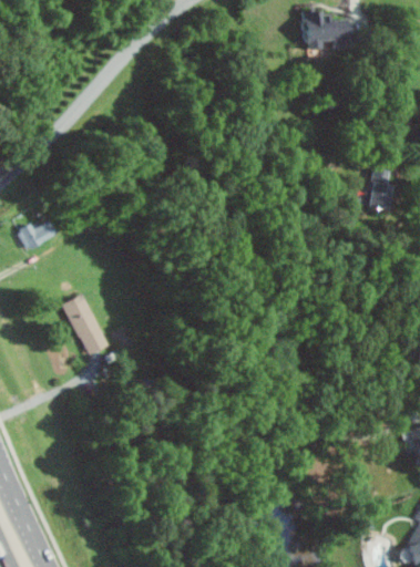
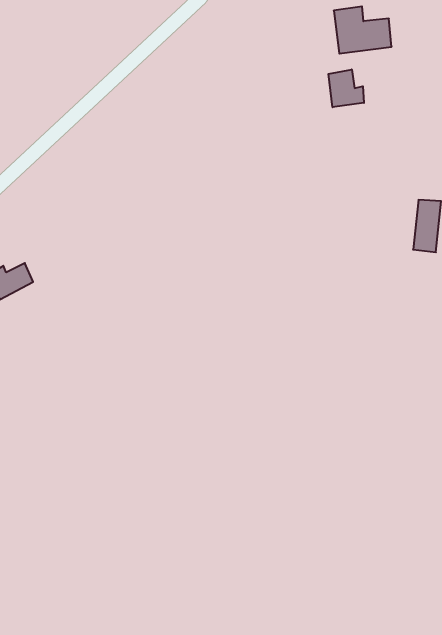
building: none -> [328,69,364,107]
building: [62,291,106,354] -> none

